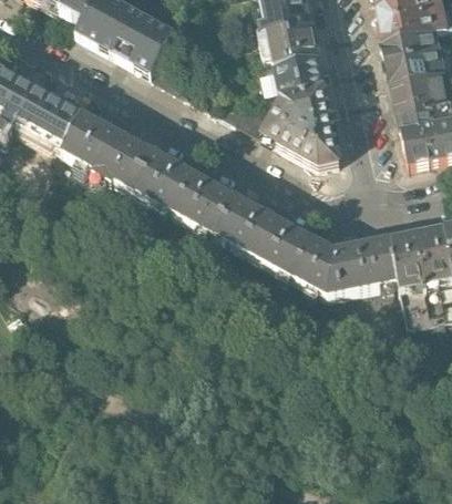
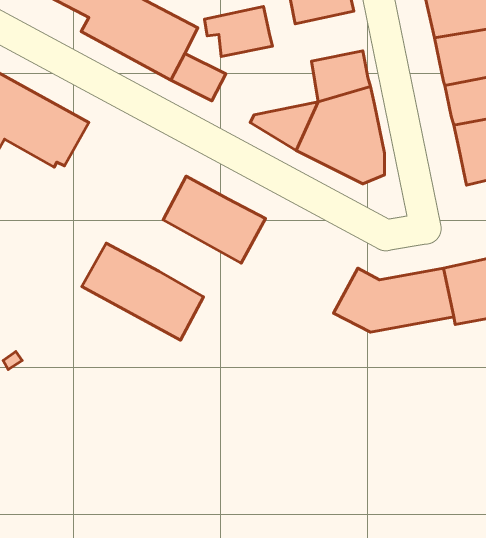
building: [260,13,319,56] -> [205,7,273,56]
building: [61,110,166,194] -> [82,243,204,340]
building: [214,193,315,275] -> none

